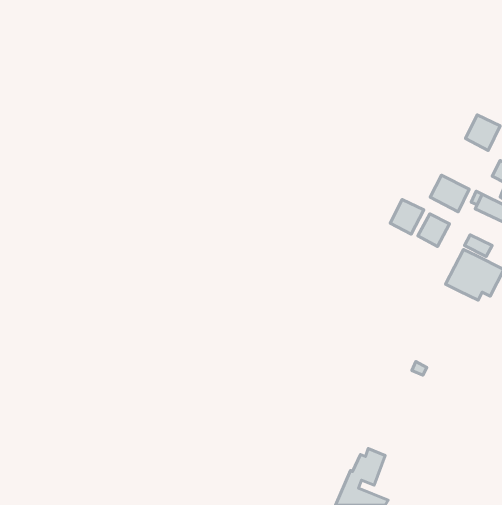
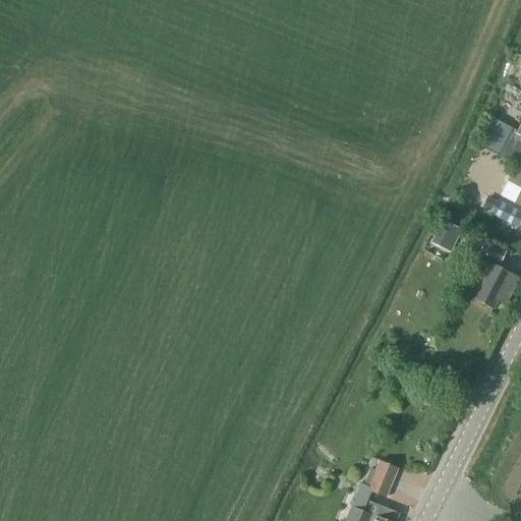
building: [430,175,469,212] -> none
building: [390,200,424,234] -> none

